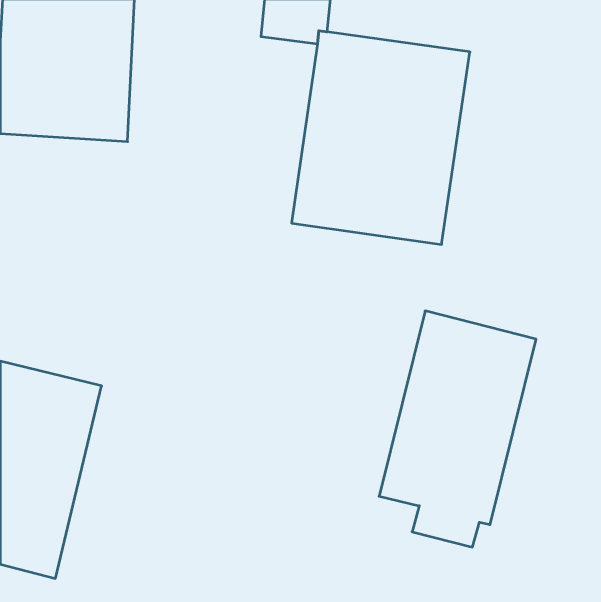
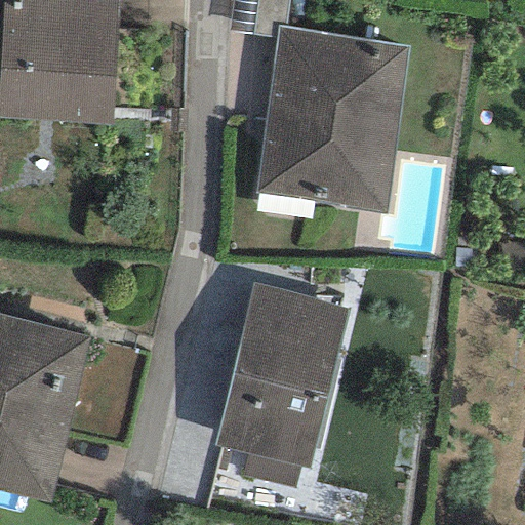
building: [379,311,536,547] -> [213,283,350,488]

